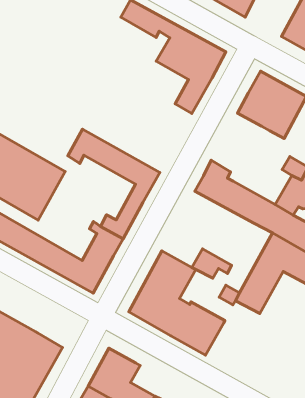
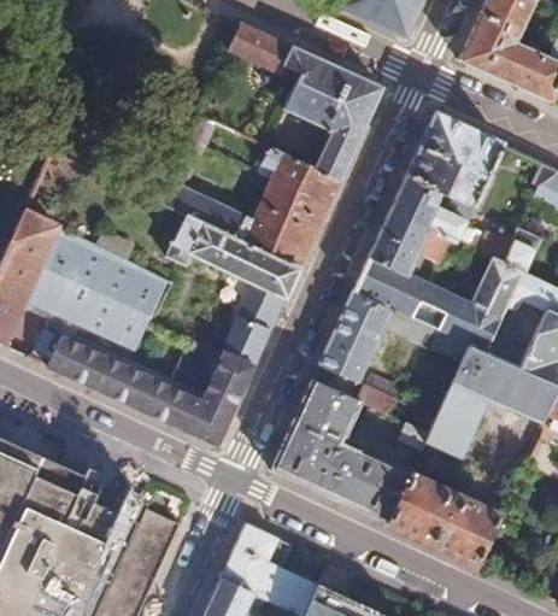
building: none -> [159,136,341,266]
building: none -> [374,174,476,271]
building: none -> [319,289,441,381]
building: none -> [386,475,500,565]

